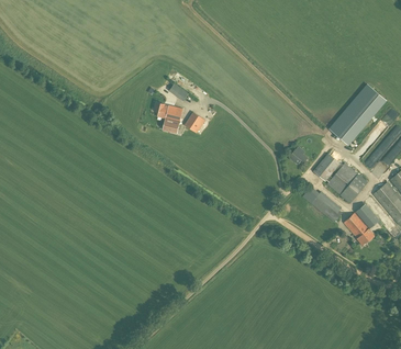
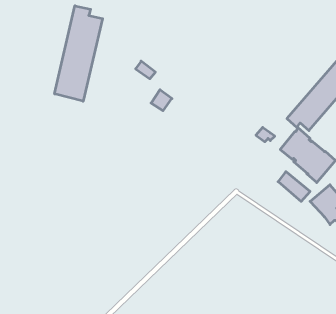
building: none -> [55,6,103,101]
building: [153,102,181,133] -> none

